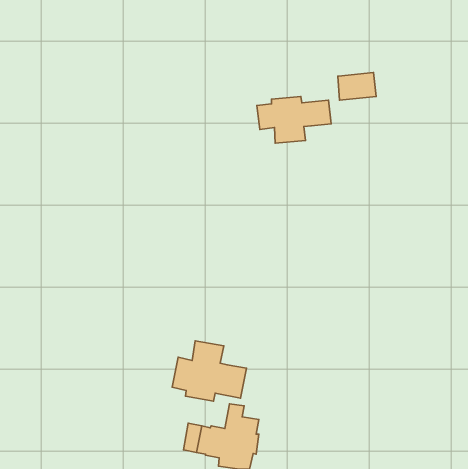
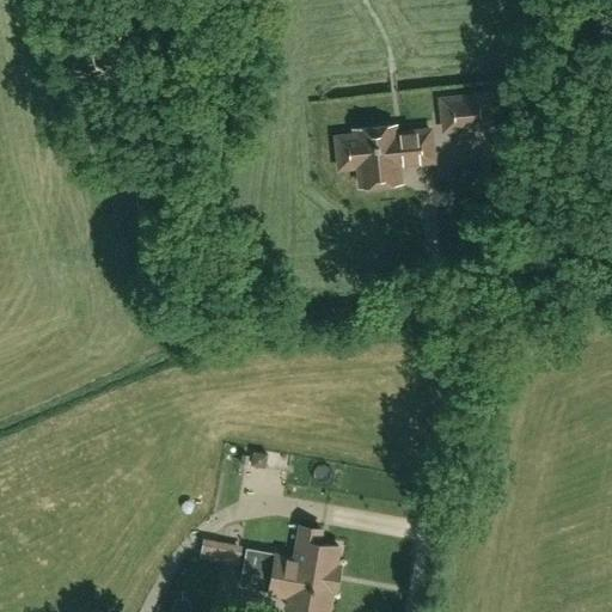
building: [172,341,247,401] -> none
building: none -> [197,539,240,565]

